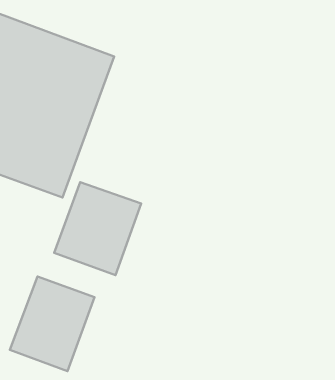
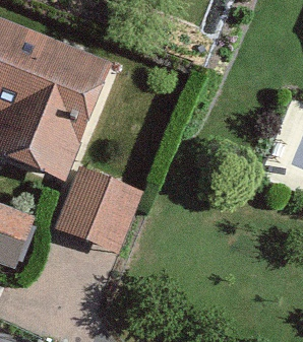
building: [10,277,94,371] -> none

